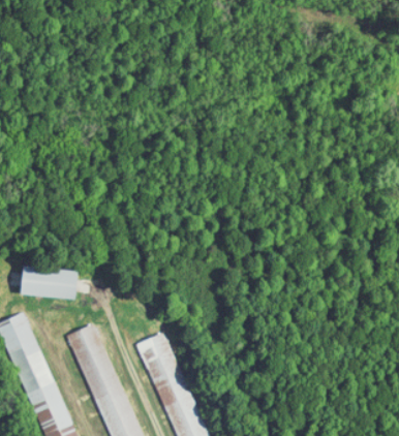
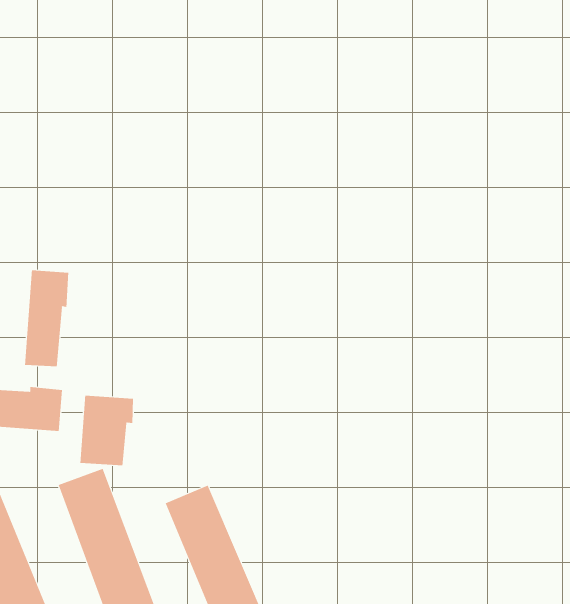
building: none -> [25,270,69,367]
building: none -> [80,395,134,466]

